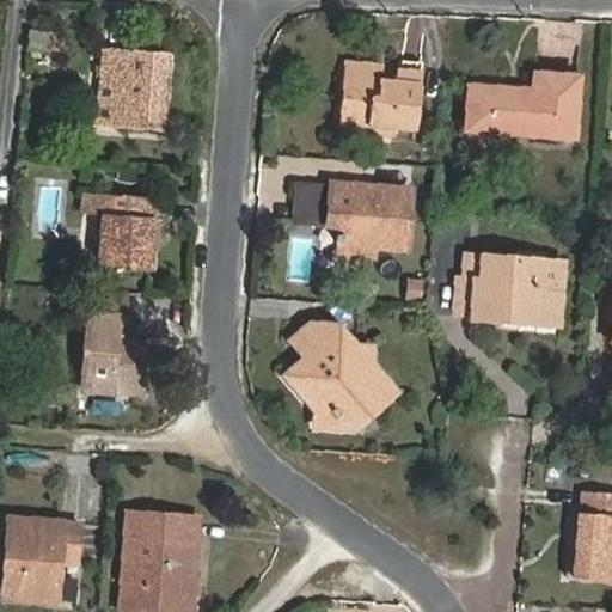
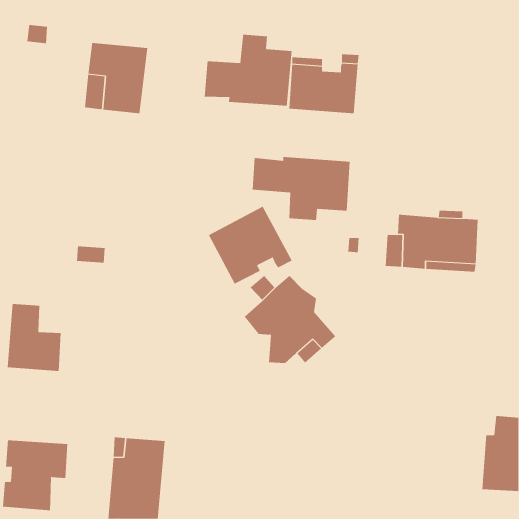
building: none -> [204,34,292,107]
building: [469,69,577,133] -> none
building: [80,191,160,269] -> none
building: none -> [208,206,292,285]
building: [81,313,146,393] -> [7,303,62,371]

